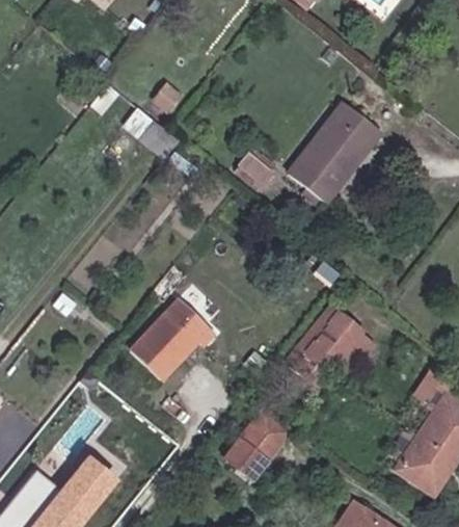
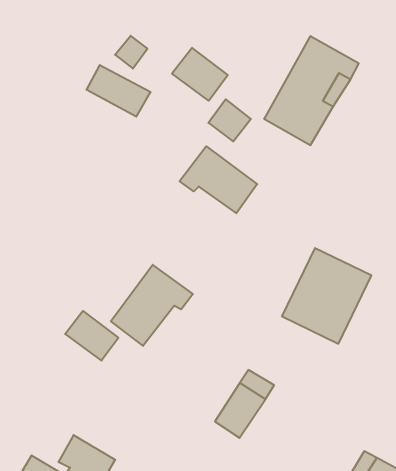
building: none -> [172,48,228,101]
building: none -> [180,146,257,213]
building: none -> [65,311,118,361]

